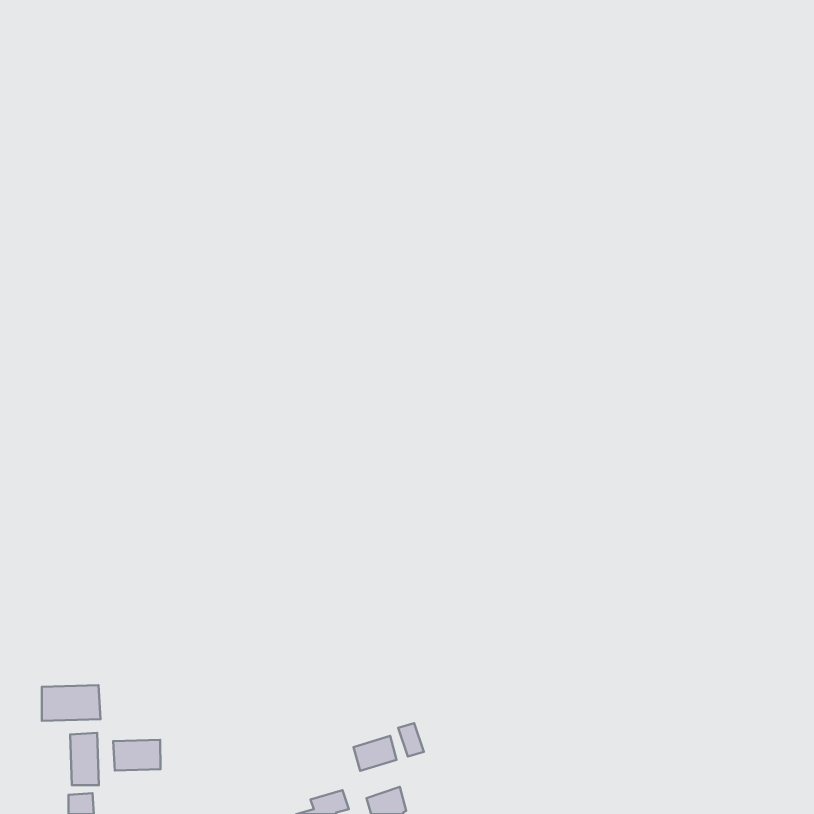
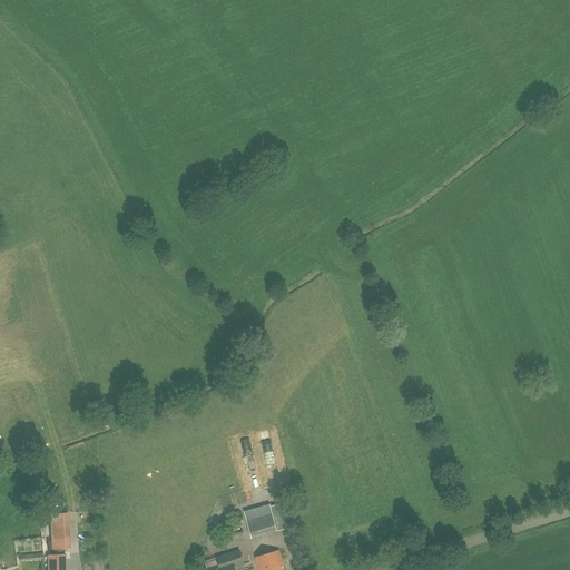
building: [42,685,100,721] -> none
building: [113,740,160,771] -> none

